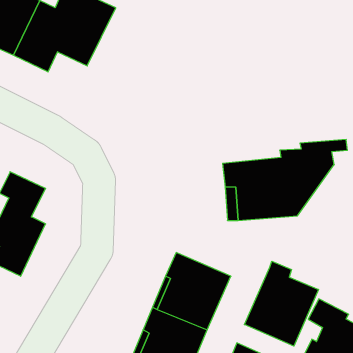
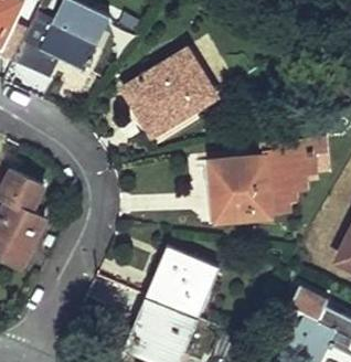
building: none -> [123,50,215,136]
building: [244,261,318,346] -> none

